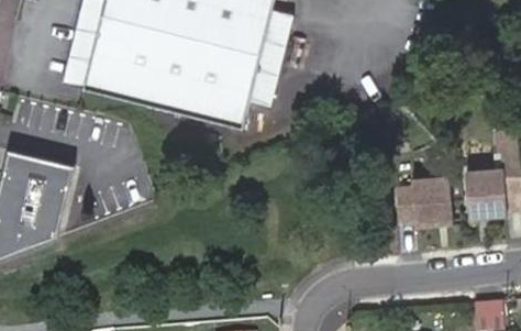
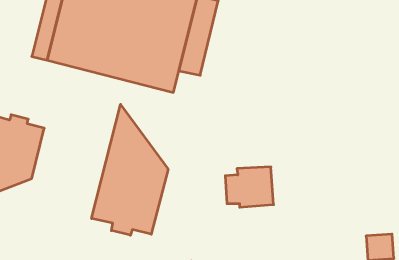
building: none -> [92,104,168,235]
building: [461,162,501,213] -> none
building: [391,175,451,224] -> [225,167,274,207]

